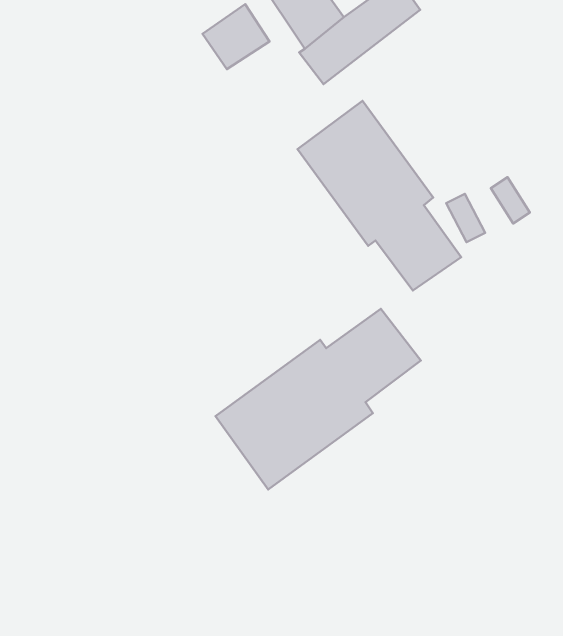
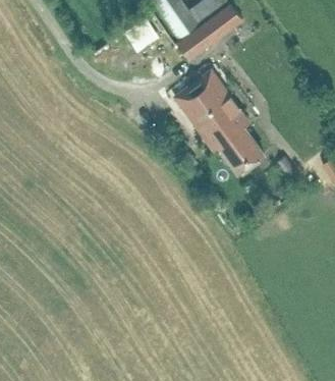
building: [216,309,421,489] -> none

